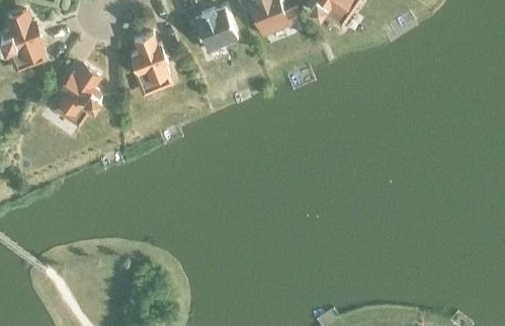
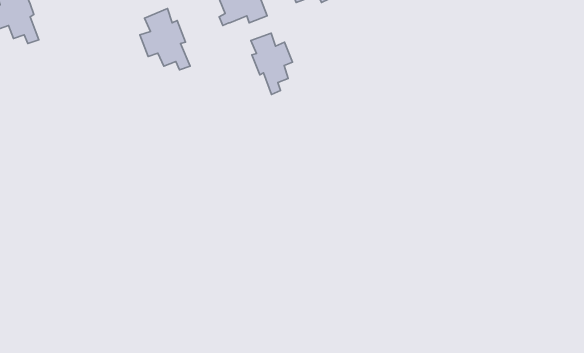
building: none -> [251,33,292,95]
building: [52,66,99,113] -> none

